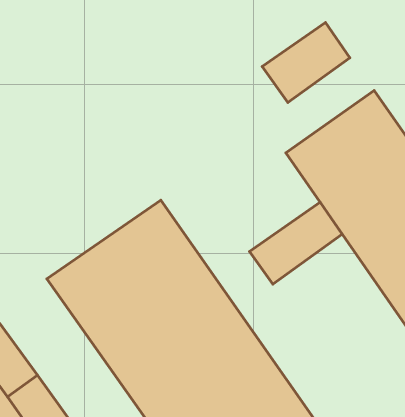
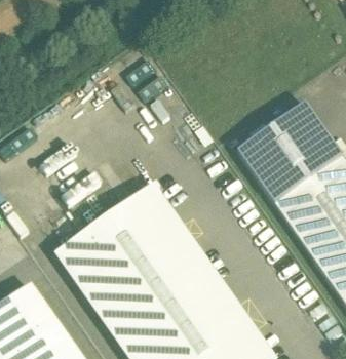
building: [262,22,350,102] -> none
building: [249,202,342,284] -> none

